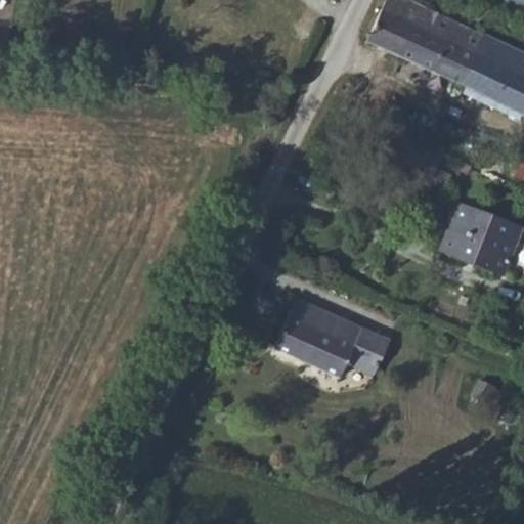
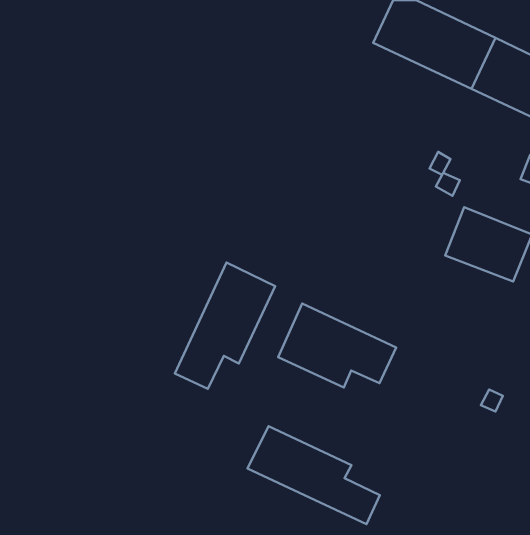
building: none -> [175,262,275,389]
building: none -> [248,426,380,524]

